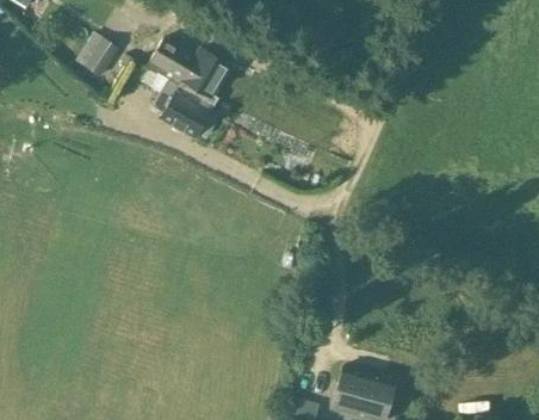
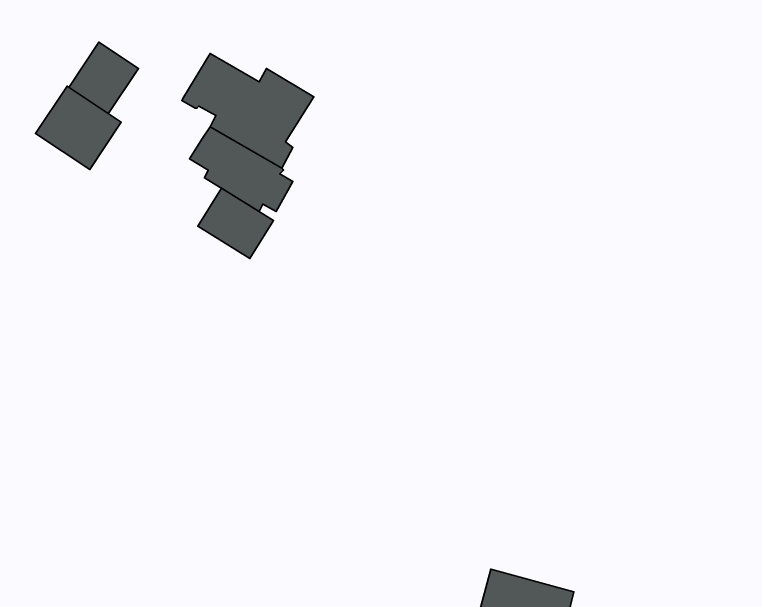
building: none -> [35,86,121,170]
building: none -> [198,188,273,258]

